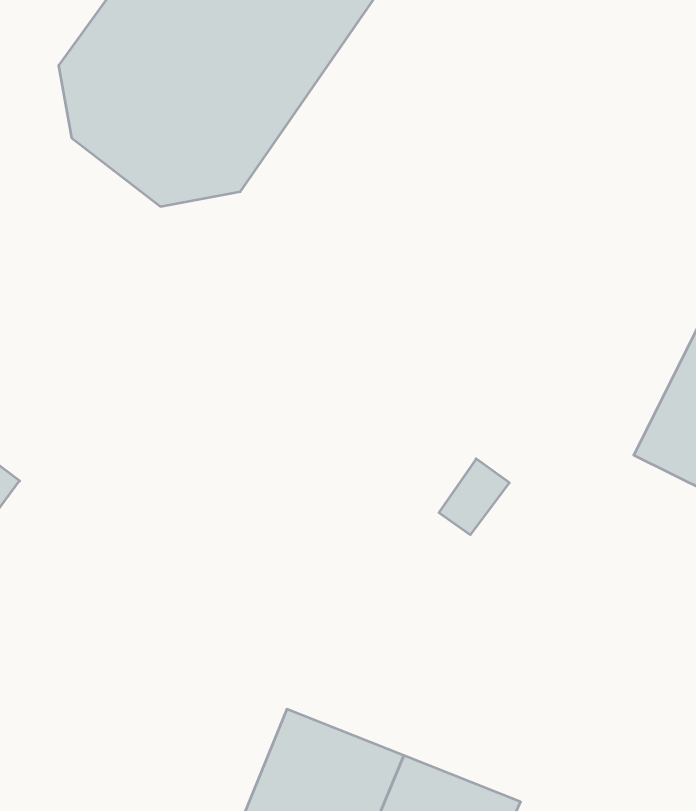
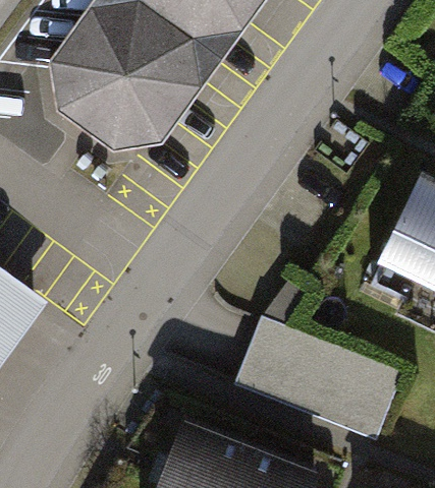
building: none -> [235,317,401,435]

